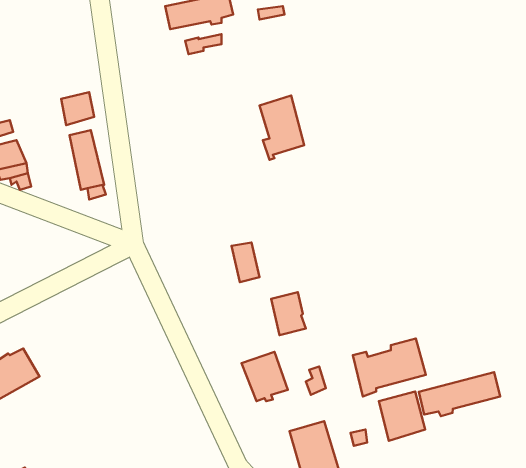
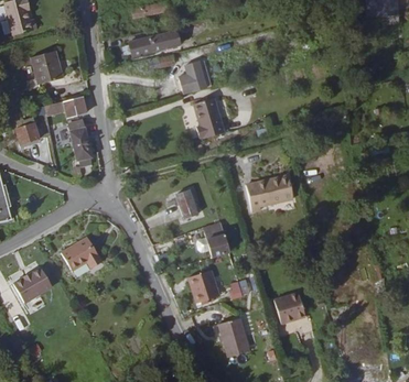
building: none -> [32,51,62,83]
building: none -> [177,59,208,92]
building: none -> [57,234,98,268]
building: [353,339,426,396] -> [243,174,291,212]
building: [419,372,500,416] -> none

